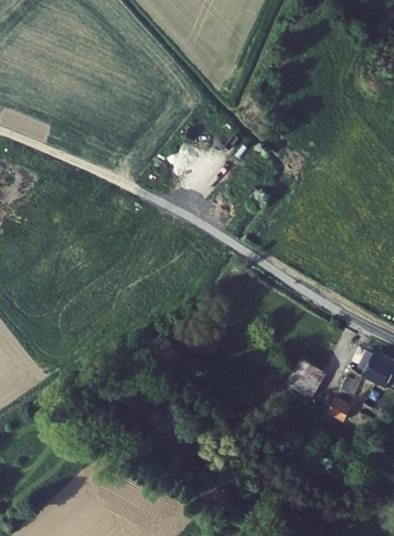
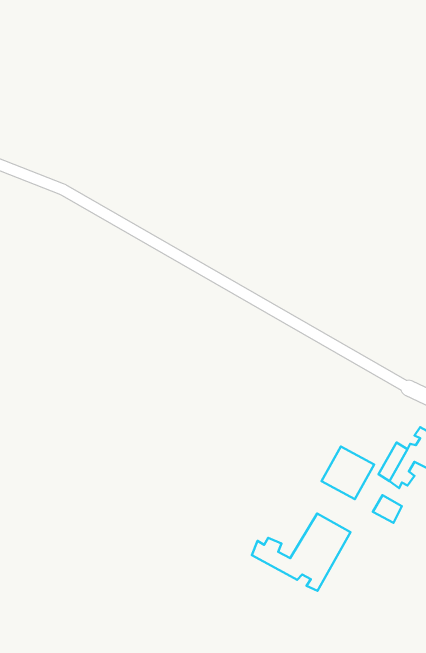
building: none -> [252,514,350,591]

